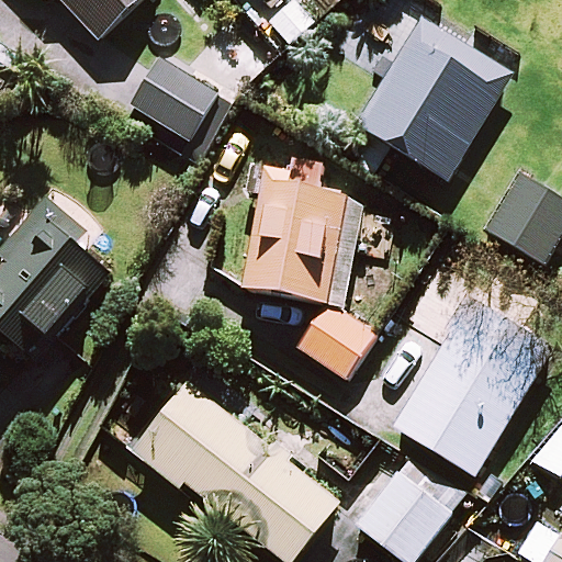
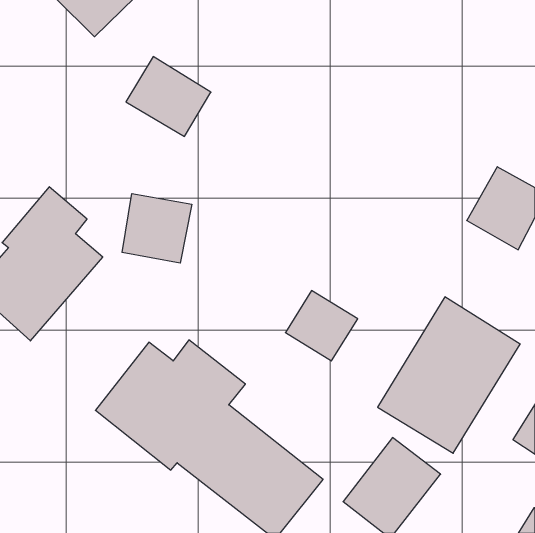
building: [359,20,510,179] -> none
building: [241,158,362,304] -> none
building: none -> [122,194,192,263]

